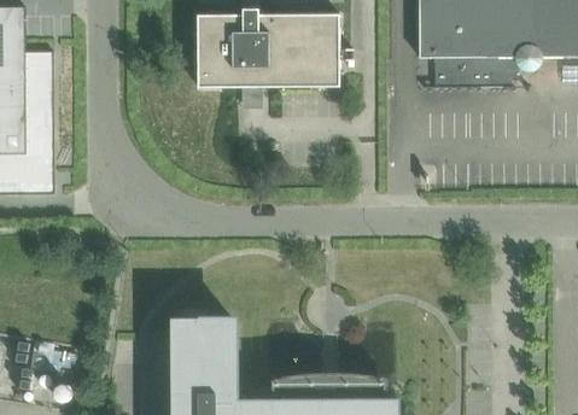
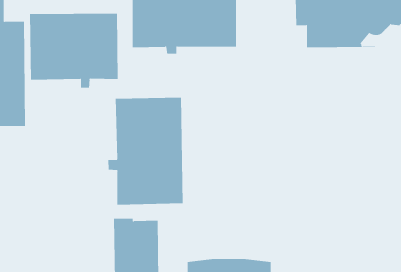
building: none -> [30,13,118,88]
building: none -> [108,97,183,205]

